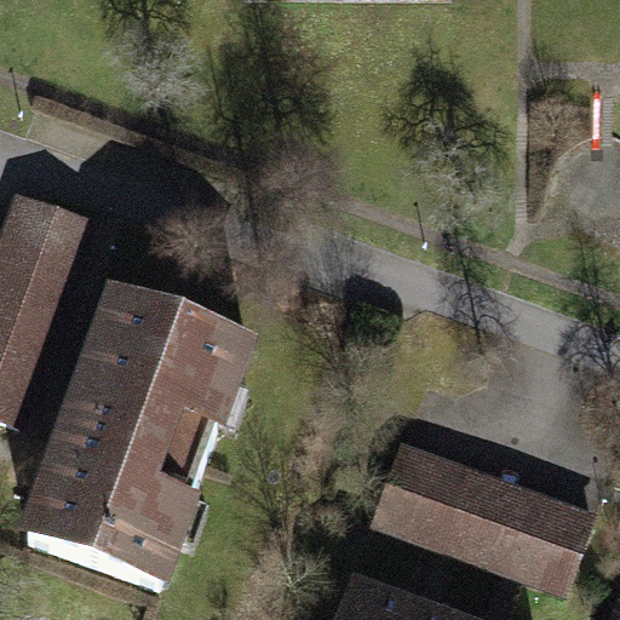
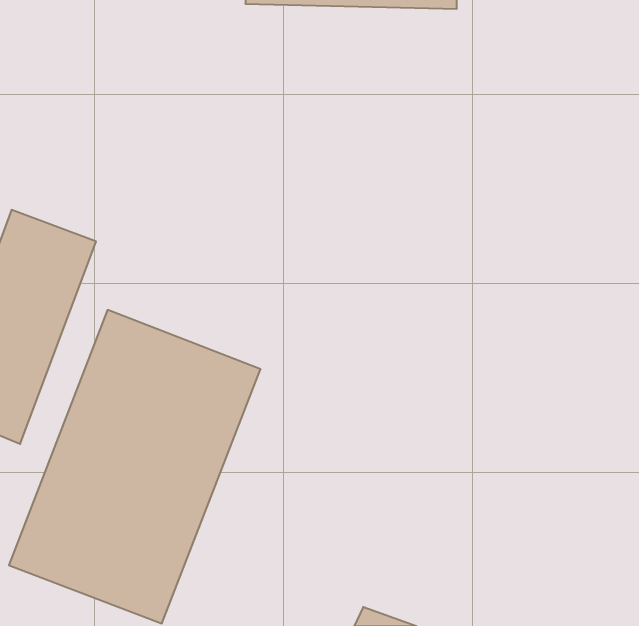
building: [377,444,589,590] -> none

